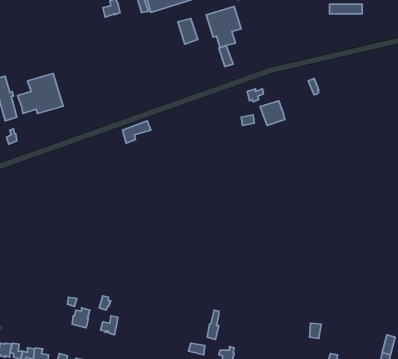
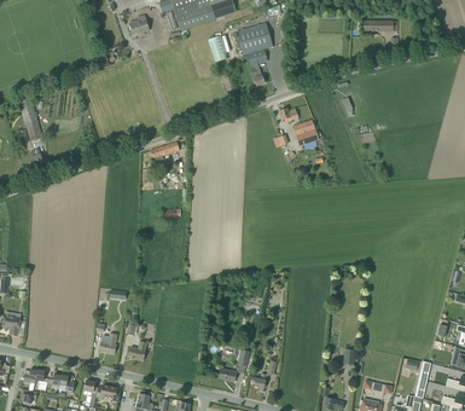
building: [18,74,63,113] -> none

